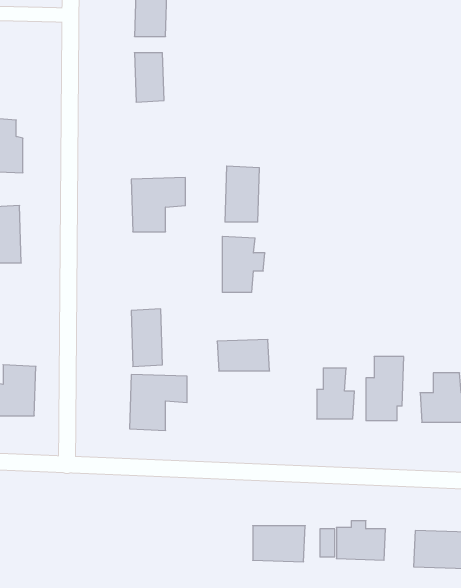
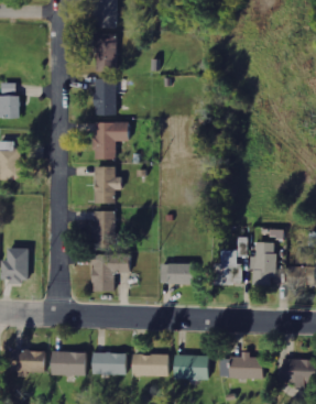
building: [225,166,259,222] -> [94,78,117,116]
building: [222,236,265,292] -> [94,166,122,204]
building: [217,340,270,371] -> [160,263,195,284]
building: none -> [13,350,44,375]
building: none -> [51,351,86,375]
building: none -> [92,352,127,375]
building: none -> [132,353,168,376]

